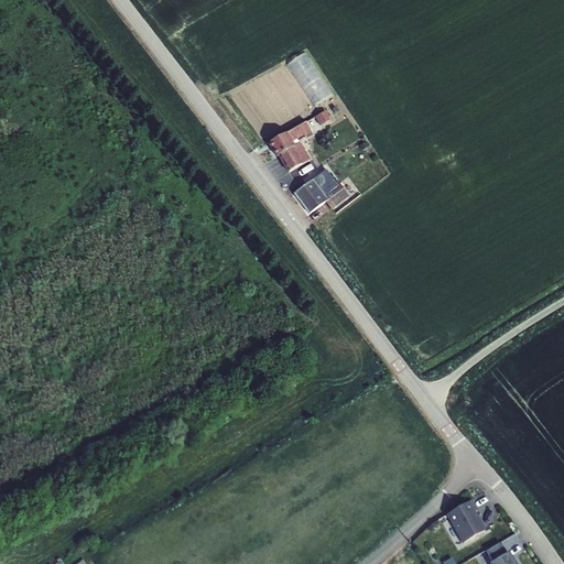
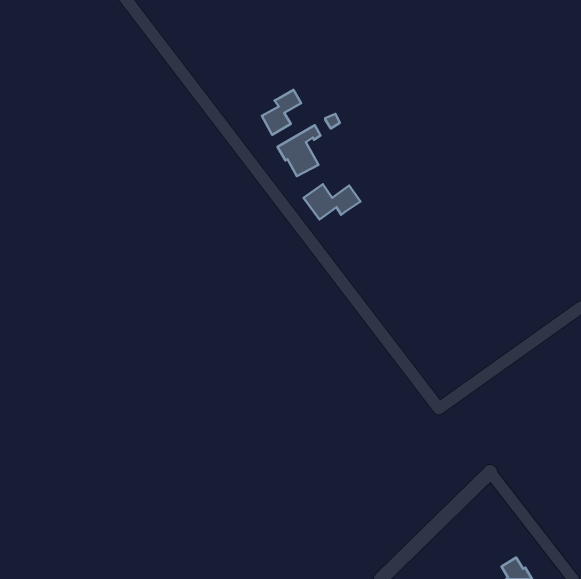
building: none -> [262,90,301,135]
building: [447,498,485,540] -> none

